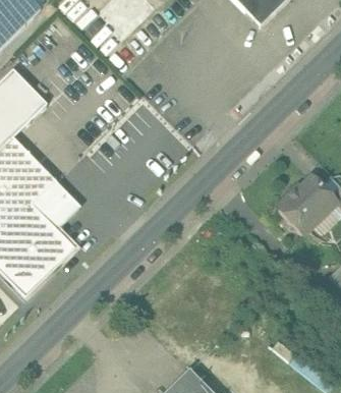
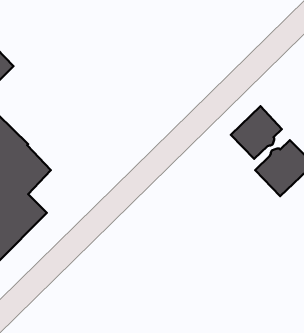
building: none -> [231,106,282,159]

